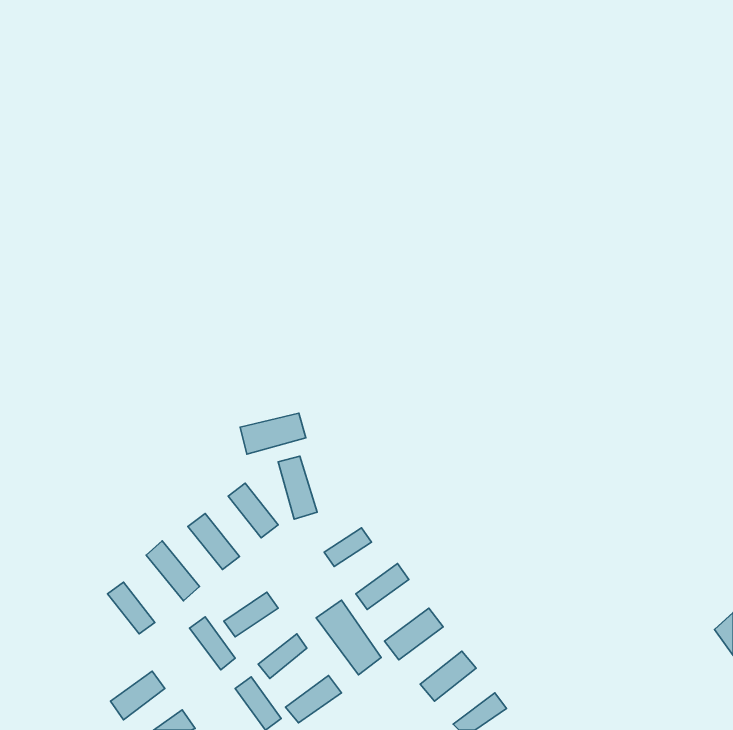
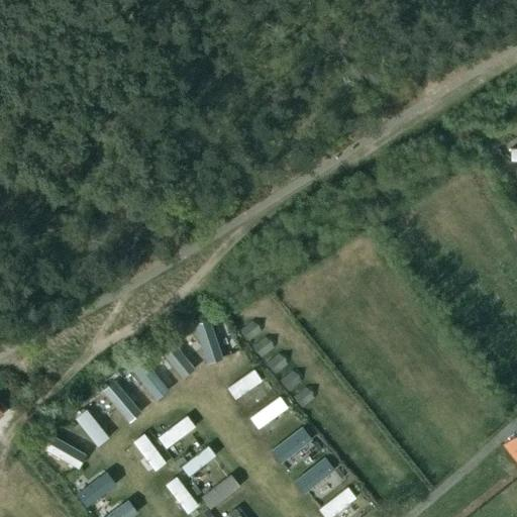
building: [240,413,306,454] -> none
building: [316,600,381,675] -> none
building: none -> [47,437,87,470]

